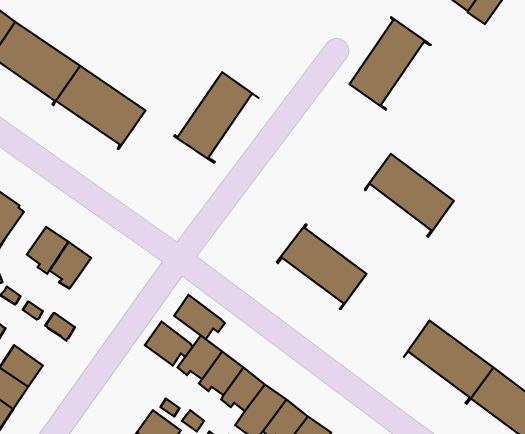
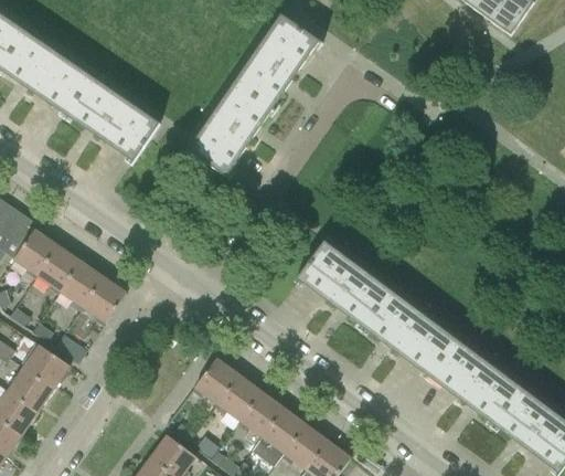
building: [350,17,431,110] -> [238,14,322,110]
building: [365,154,454,237] -> [361,293,452,379]
building: none -> [13,229,56,277]
building: none -> [83,276,126,325]
building: [174,295,225,339] -> none
building: [145,321,193,365] -> none
building: none -> [23,343,70,388]

